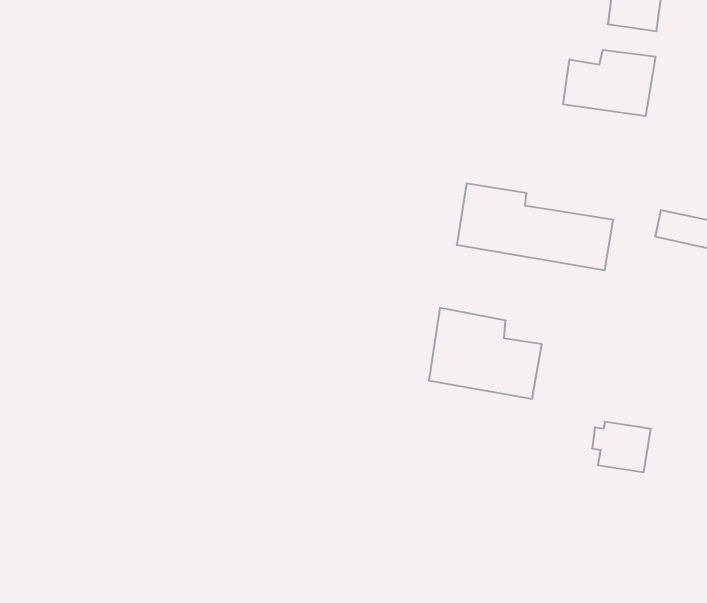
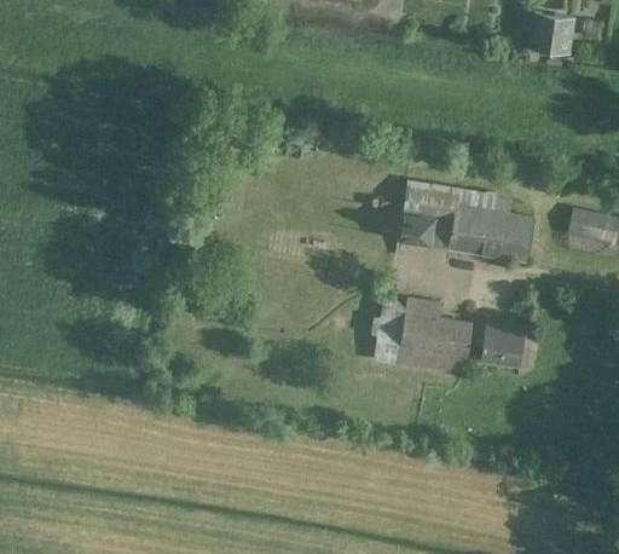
building: [563,50,655,116] -> none
building: [592,422,651,472] -> [476,318,527,362]

